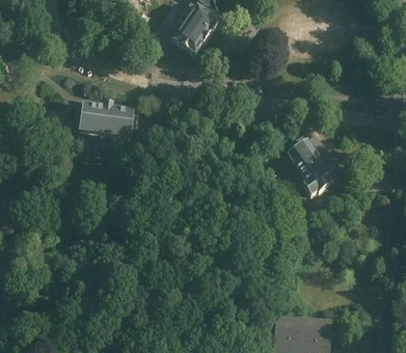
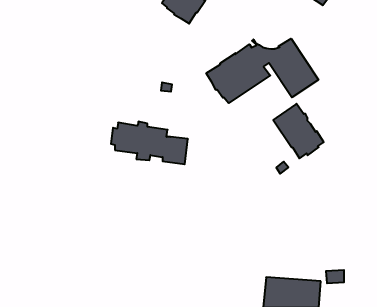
building: none -> [206,39,318,103]
building: [74,102,153,145] -> [111,122,188,164]

